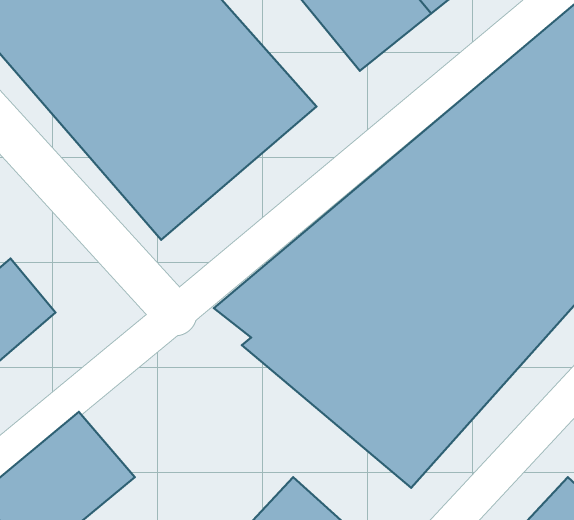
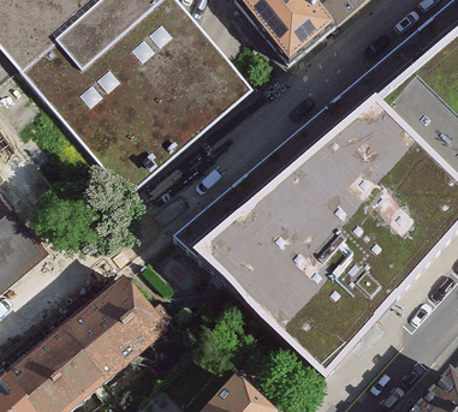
building: none -> [69,274,168,374]

